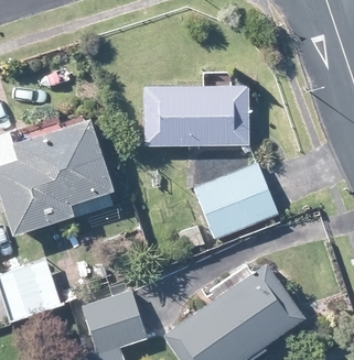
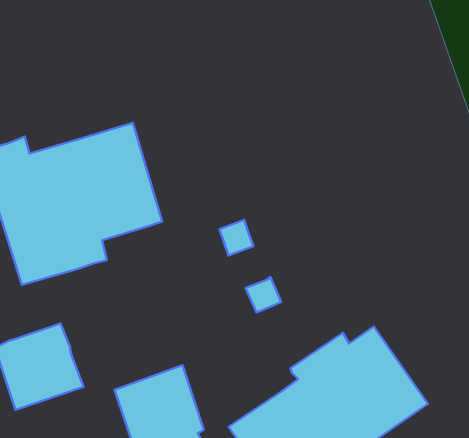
building: [144,88,248,146] -> none
building: [194,165,277,242] -> none

